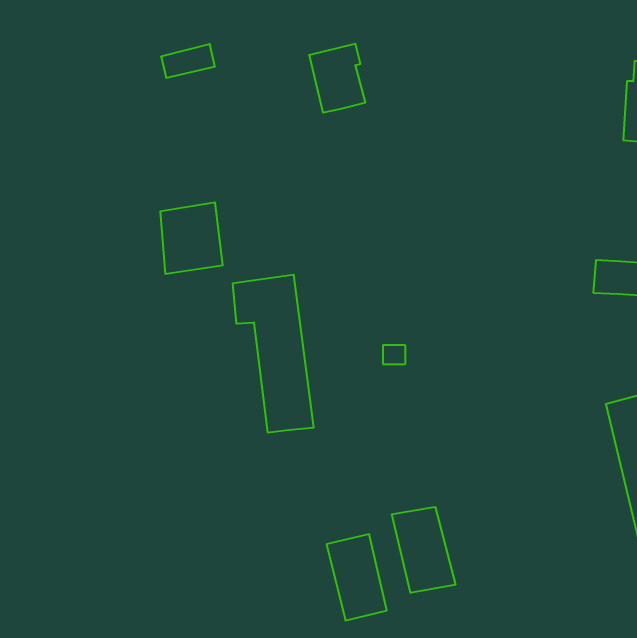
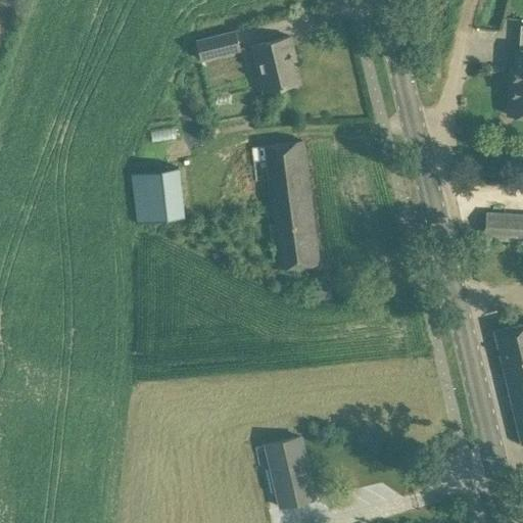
building: [161,44,215,78] -> [199,32,243,59]
building: [233,275,314,432] -> [253,141,320,270]
building: [392,507,455,593] -> none

